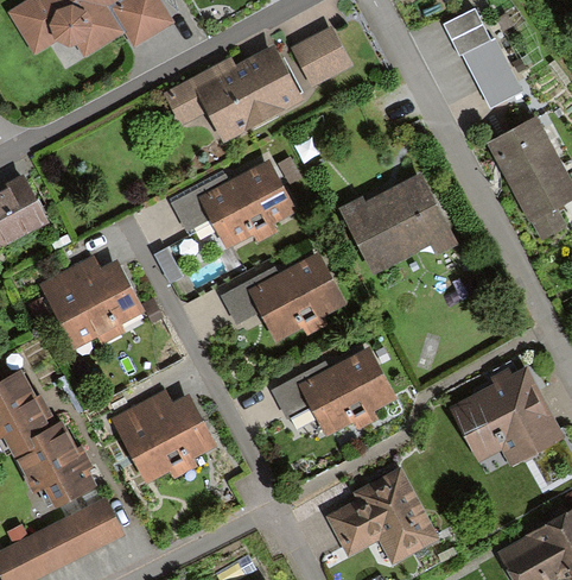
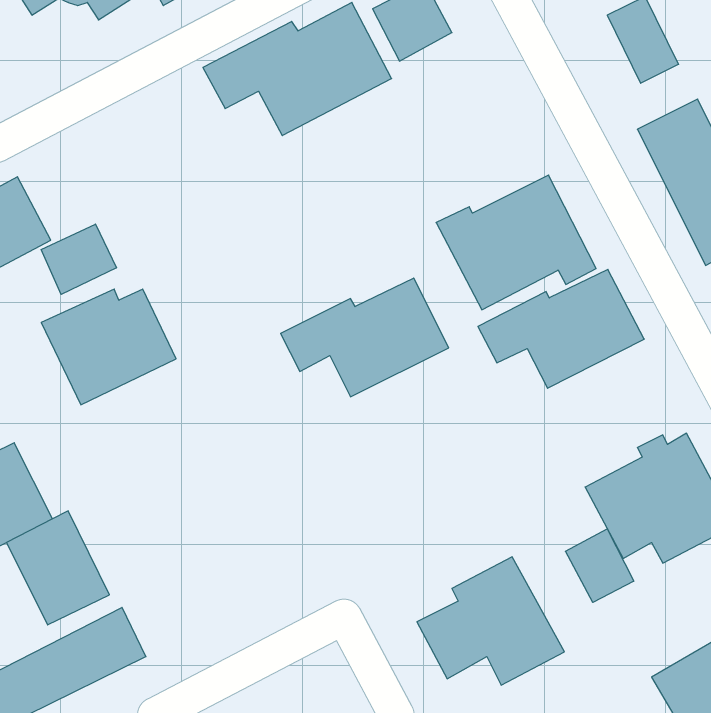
building: [172,157,294,244] -> none
building: none -> [41,224,116,294]
building: [274,346,399,435] -> [478,269,644,388]
building: [112,392,215,483] -> none
building: none -> [565,529,634,602]

